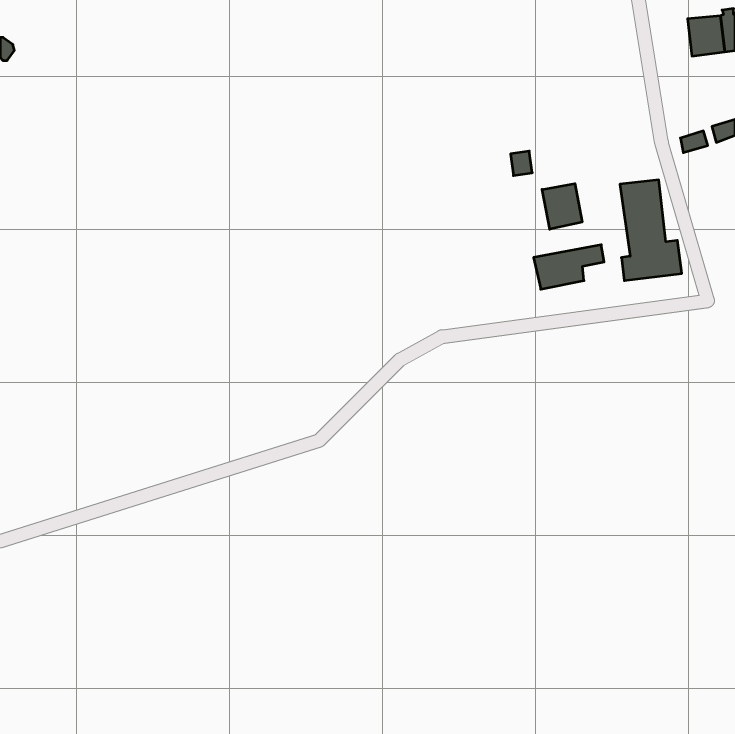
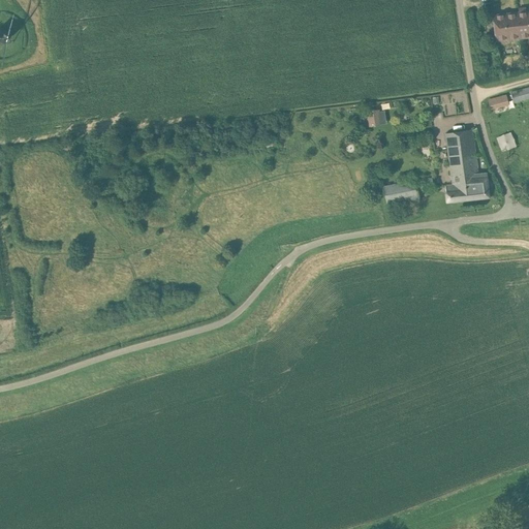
building: [542,184,582,229] -> none

